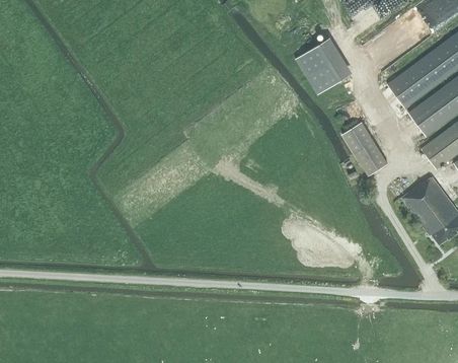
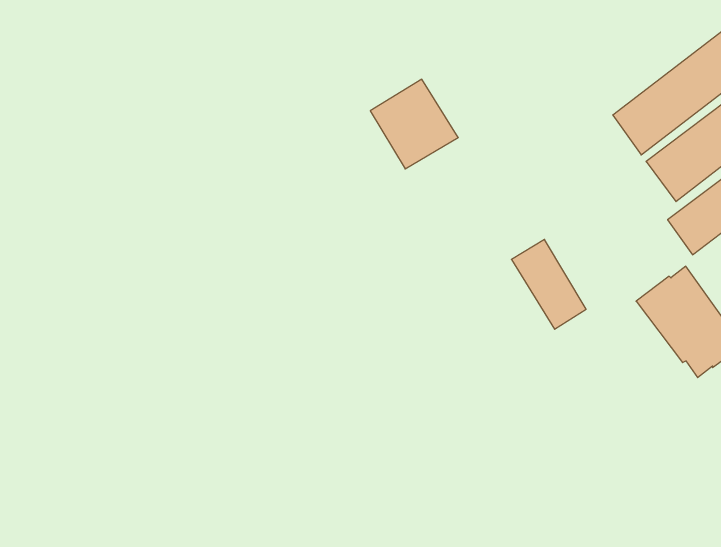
building: [296,40,350,94] -> [370,79,458,169]
building: [342,122,388,176] -> [511,239,586,329]

